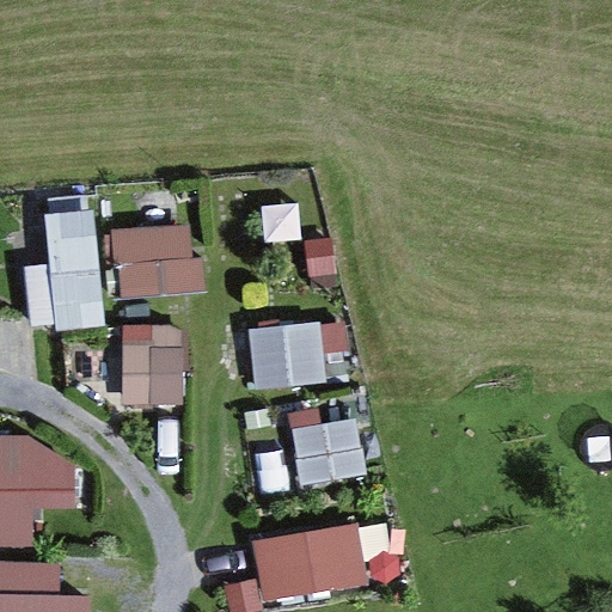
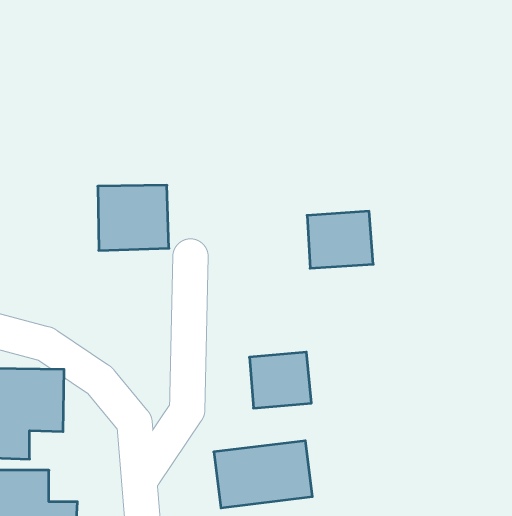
building: [25,198,100,332] -> none
building: [247,323,325,390] -> [307,211,373,268]
building: [120,328,185,410] -> none

